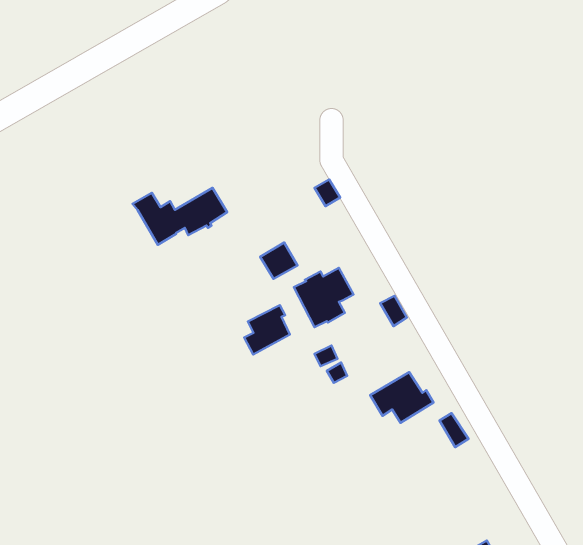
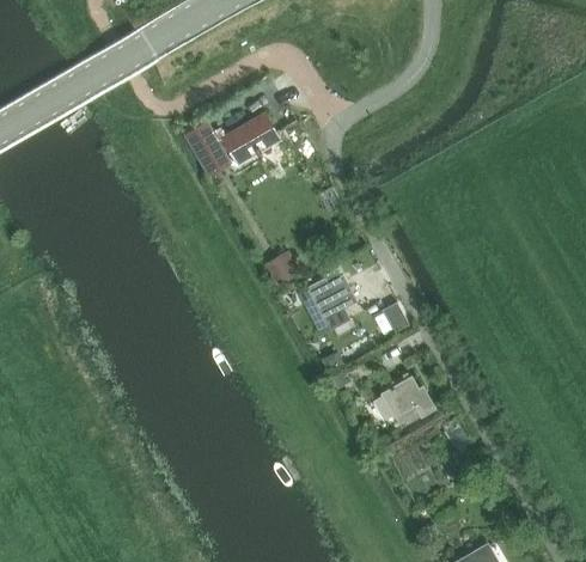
building: [133,188,227,245] -> [184,115,277,171]
building: [244,305,290,354] -> none

